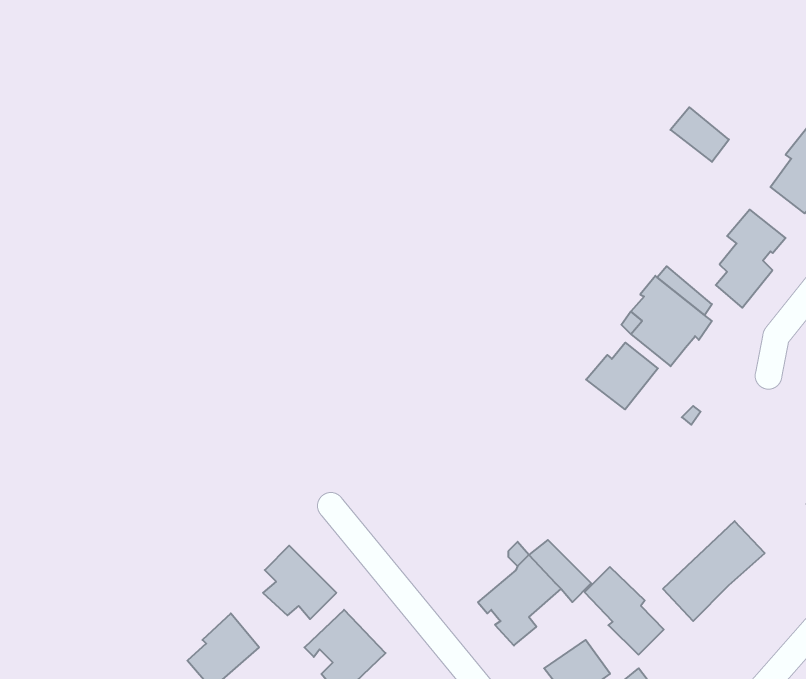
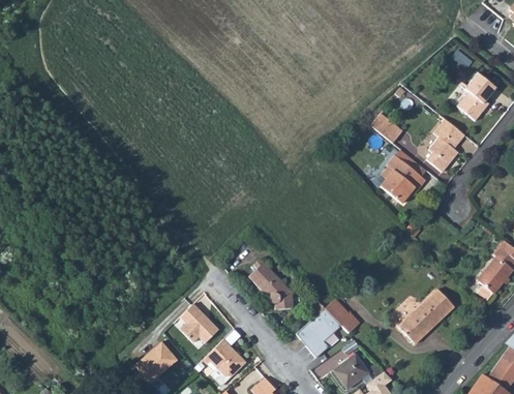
building: [670,107,729,162] -> [371,115,403,145]
building: [586,343,658,409] -> none
building: none -> [248,259,293,308]
building: [585,567,664,655] -> none

